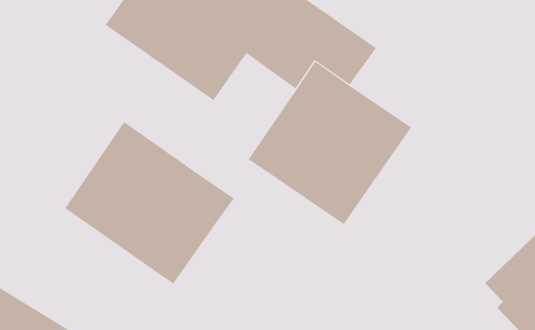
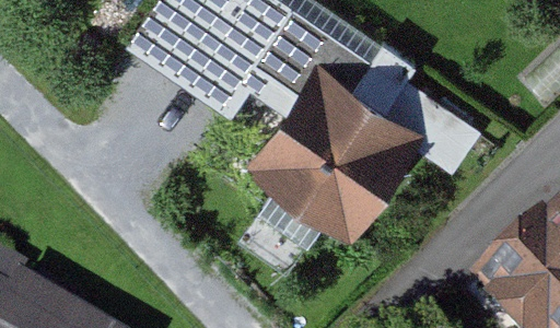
building: [64,121,235,285] -> none

